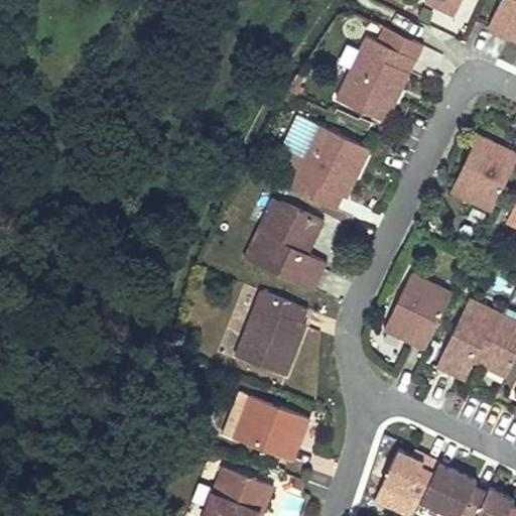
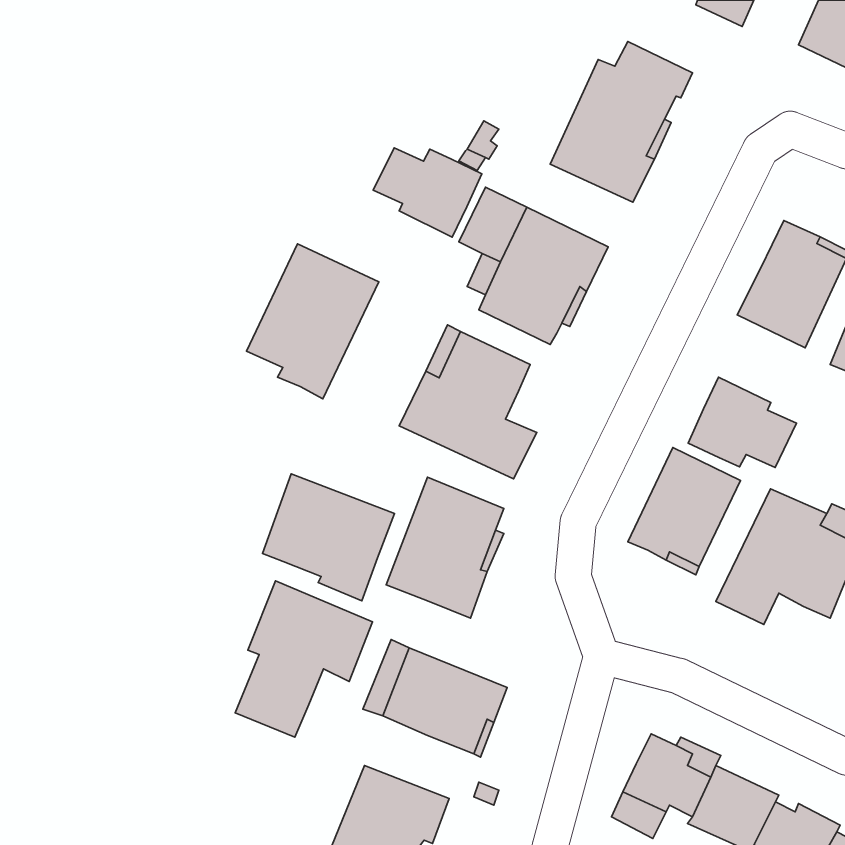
building: none -> [373,148,482,237]
building: none -> [247,244,379,399]
building: none -> [688,377,797,467]
building: none -> [263,474,395,601]
building: none -> [235,581,373,737]

